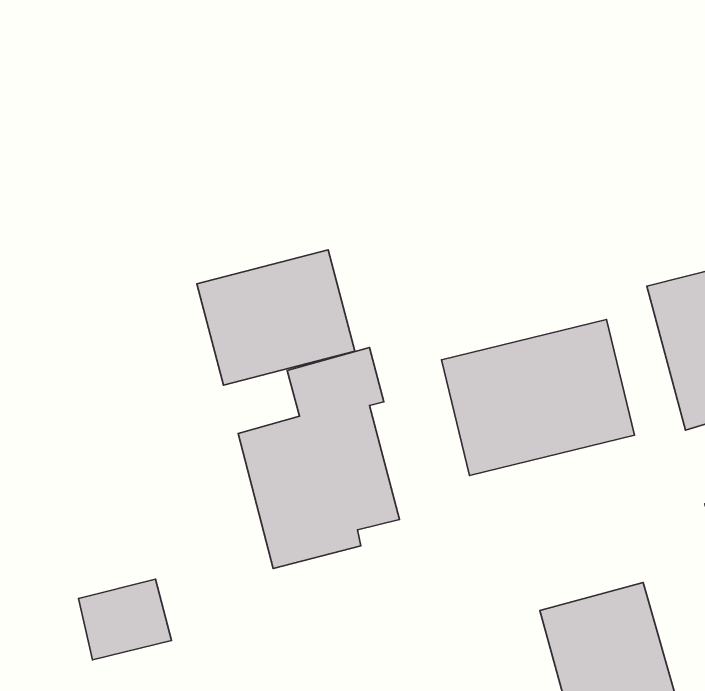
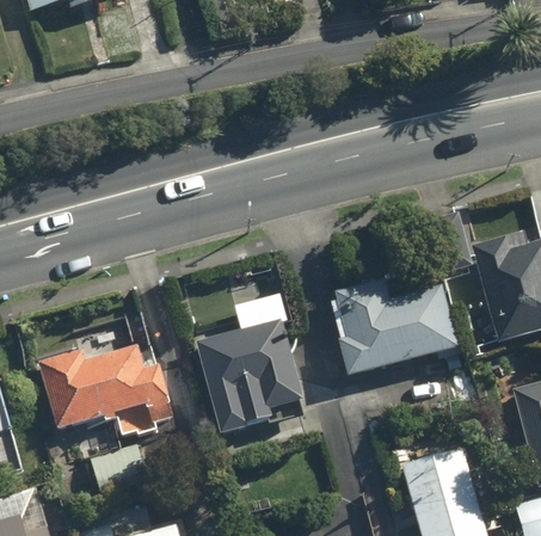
building: [197,250,355,385] -> none
building: none -> [36,343,172,432]

